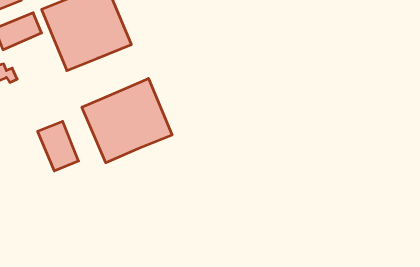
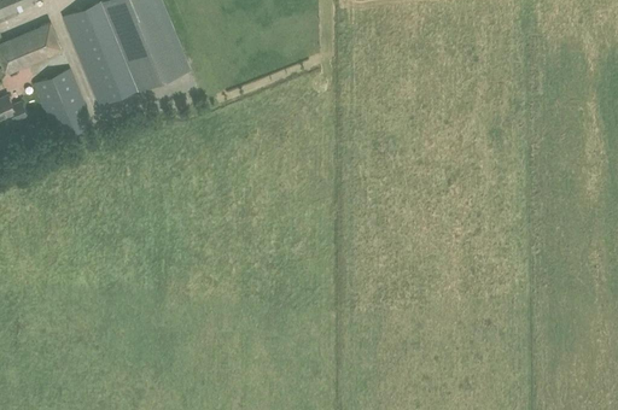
building: [82,78,172,163] -> none
building: [38,121,79,171] -> [33,70,92,141]

